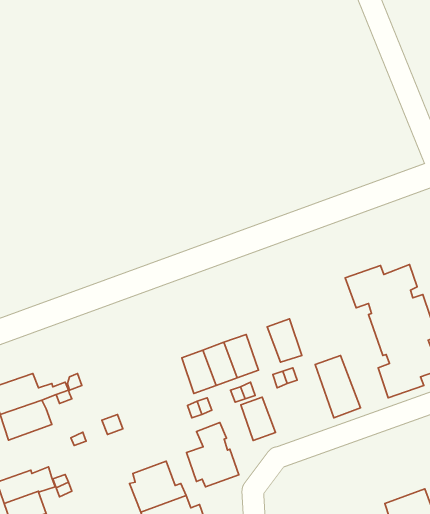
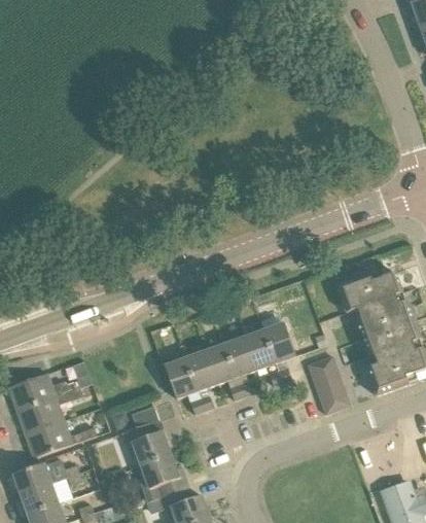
building: none -> [164,357,196,397]
building: [241,397,275,440] -> [244,328,276,369]
building: [187,422,239,487] -> [121,405,170,464]
building: none -> [24,419,73,457]

